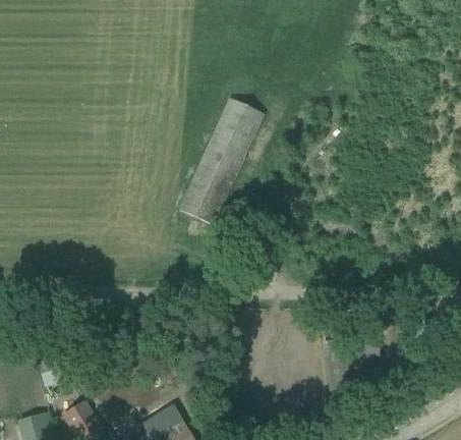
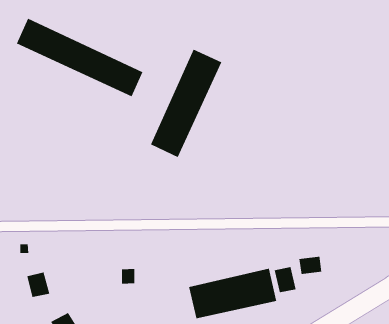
building: none -> [16,18,143,97]
building: none -> [189,268,277,319]

